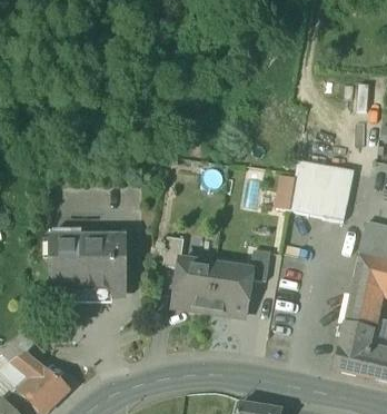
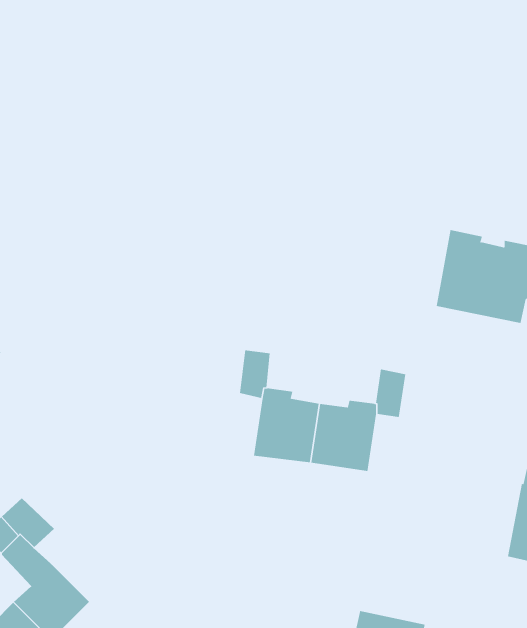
building: [49,231,127,286] -> none

